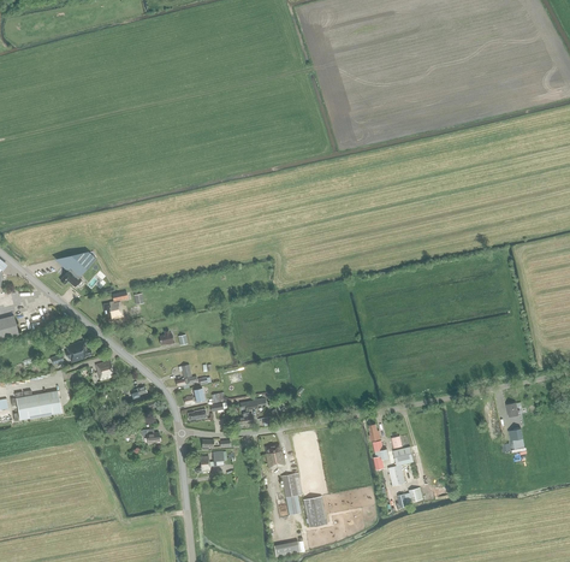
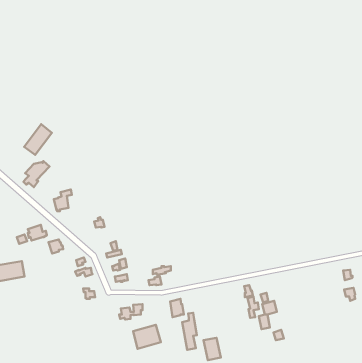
building: none -> [24,124,52,155]
building: none -> [133,325,161,349]

